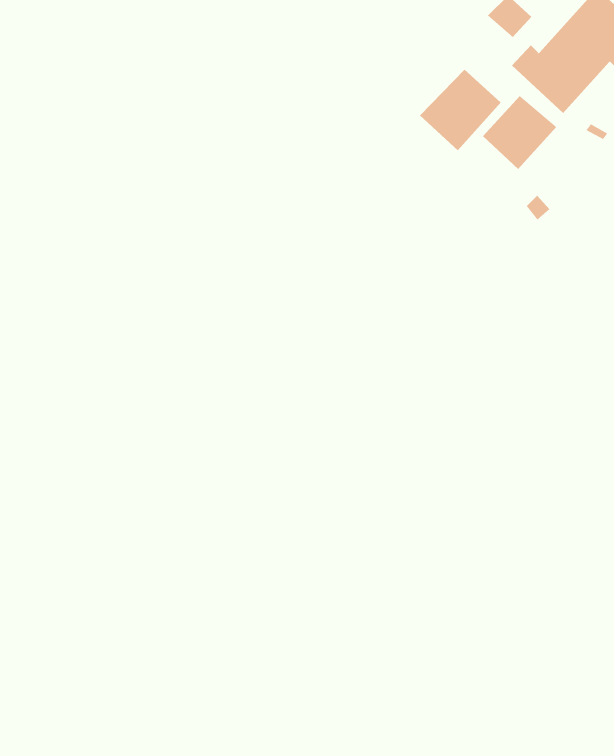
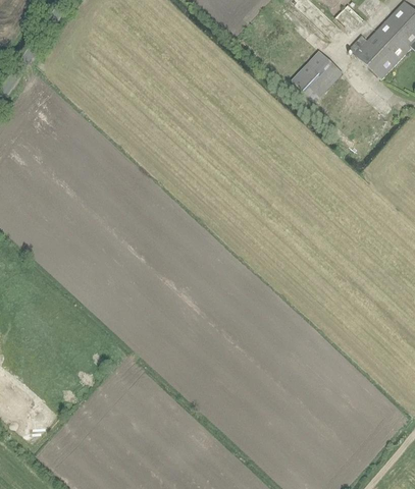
building: [482,95,557,170] -> none

